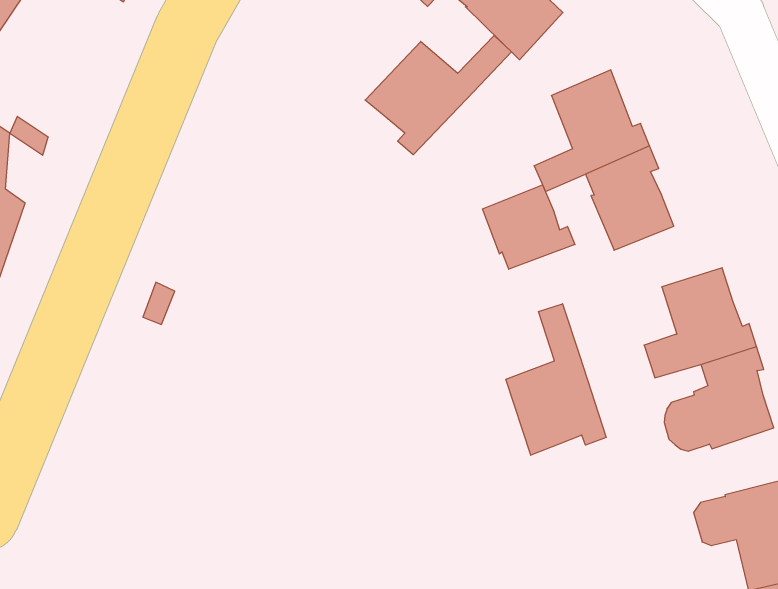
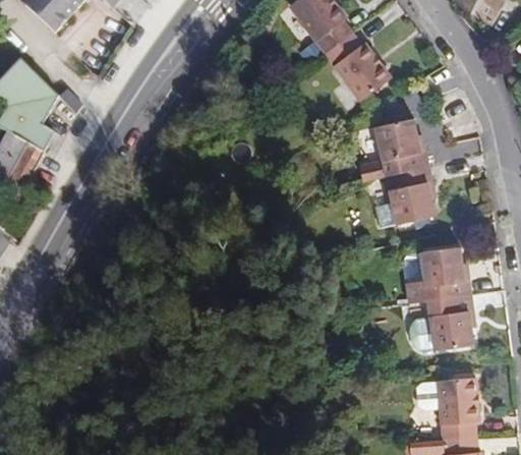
building: [365,35,511,155] -> none
building: [482,185,575,269] -> none
building: [506,304,606,455] -> none

